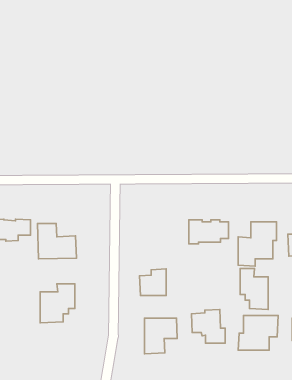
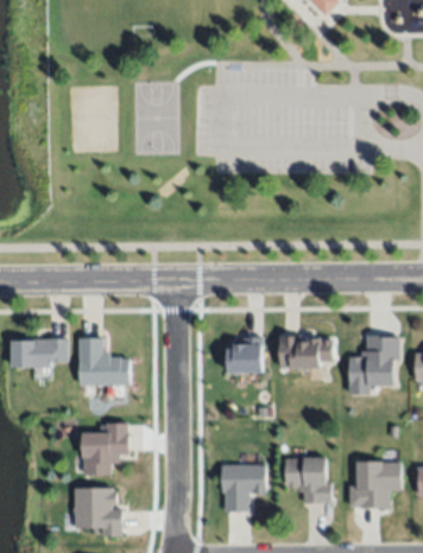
building: [240,268,268,310] -> none
building: [140,269,166,295] -> [226,338,261,374]
building: none -> [74,485,124,532]

